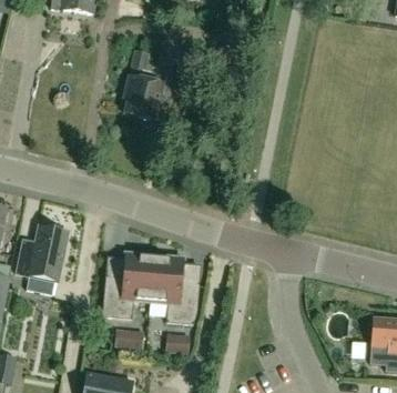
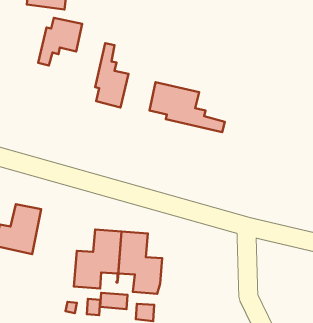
building: none -> [38,18,82,66]
building: none -> [150,82,225,132]

